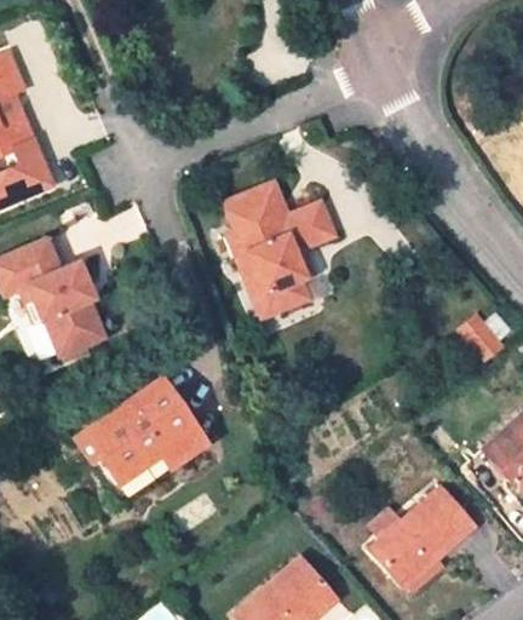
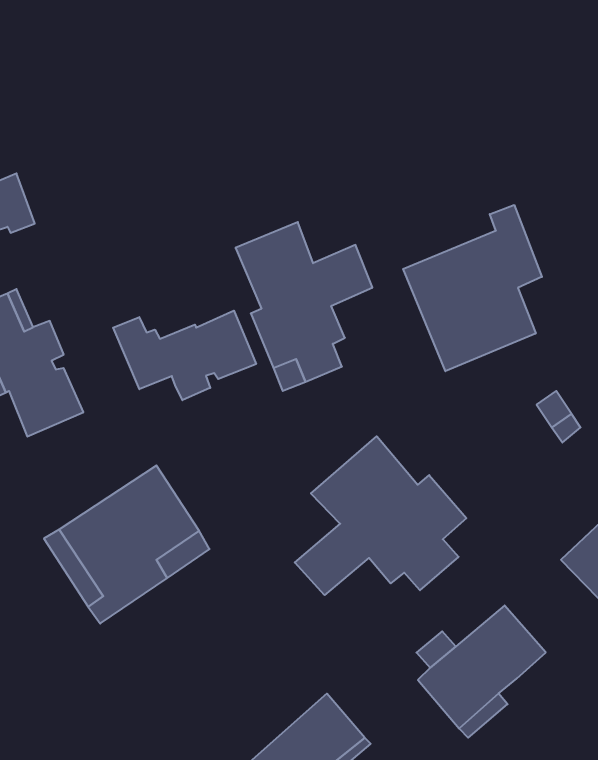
building: none -> [403,205,542,371]
building: none -> [113,311,256,400]
building: none -> [295,436,466,595]

